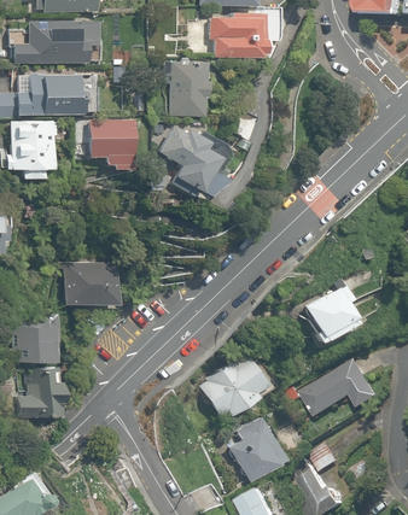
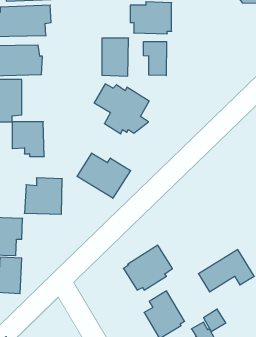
building: none -> [144,42,167,76]
building: [86,121,130,169] -> [12,122,44,156]
building: none -> [77,153,131,198]
building: [301,285,355,341] -> none

